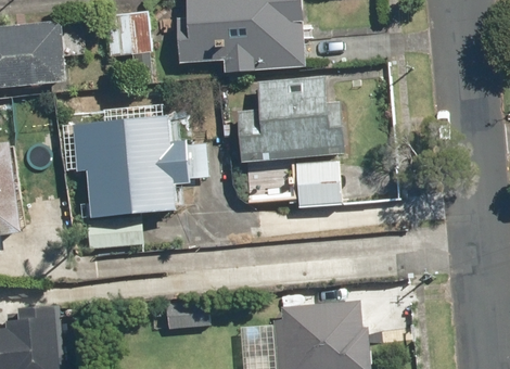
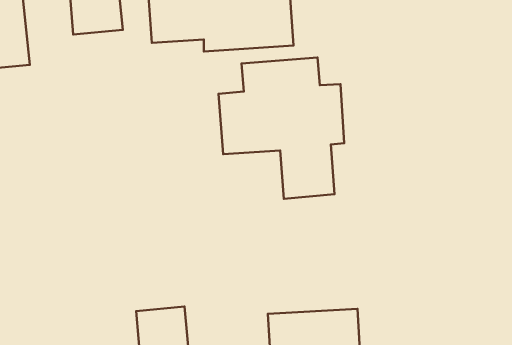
building: [74,113,193,217] -> none

